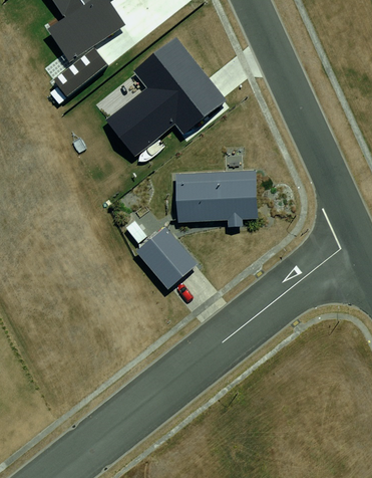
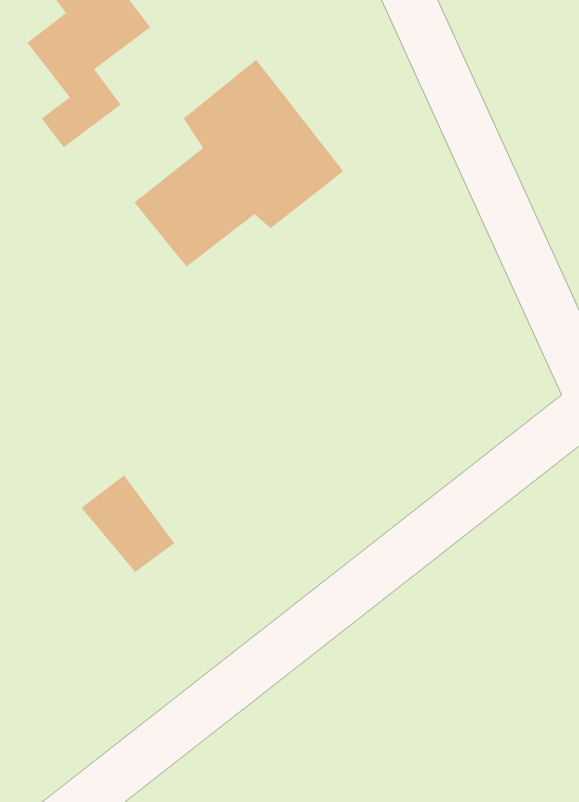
building: [179,178,257,214] -> none
building: [141,230,196,286] -> [81,475,175,573]

